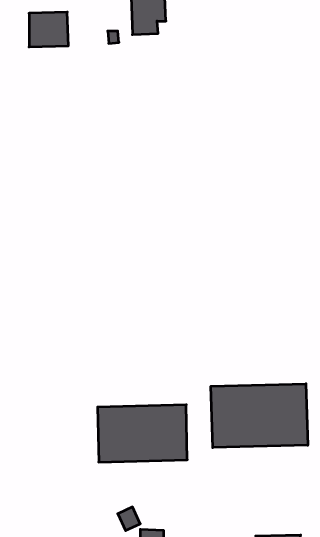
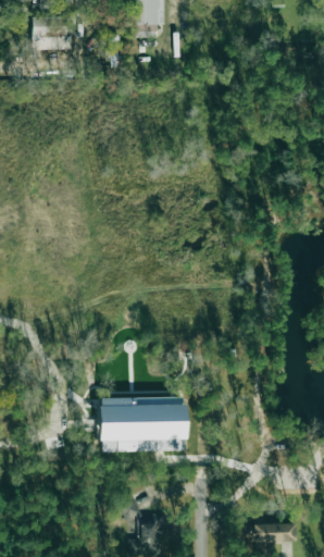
building: [211,384,308,448] -> none

